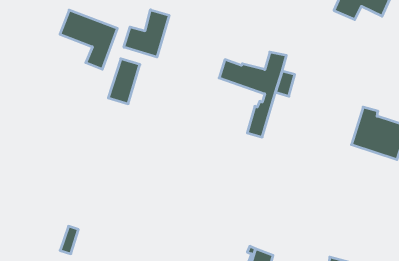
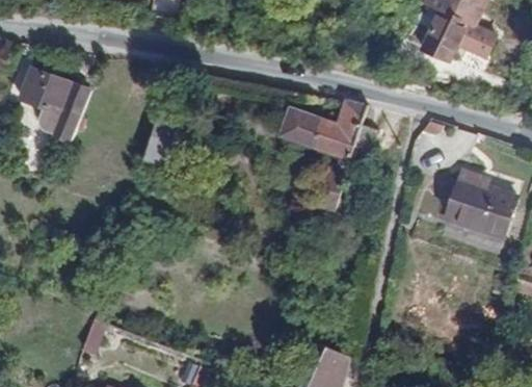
building: [124,10,169,57] -> none
building: [60,10,117,69] -> [18,66,89,139]

